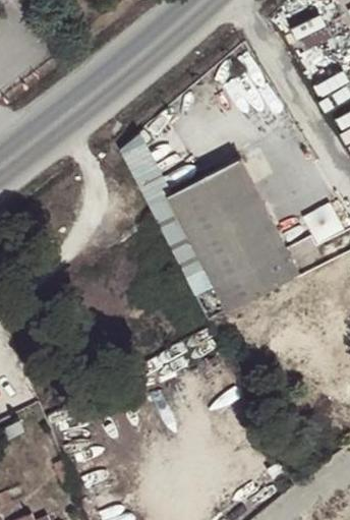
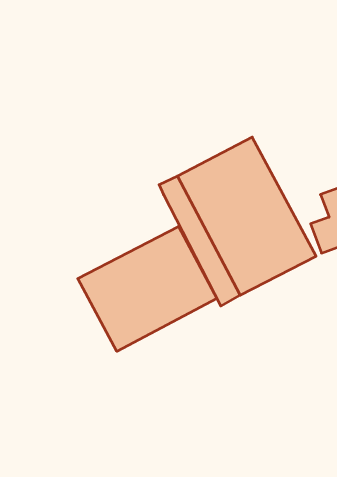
building: none -> [78,226,217,351]

